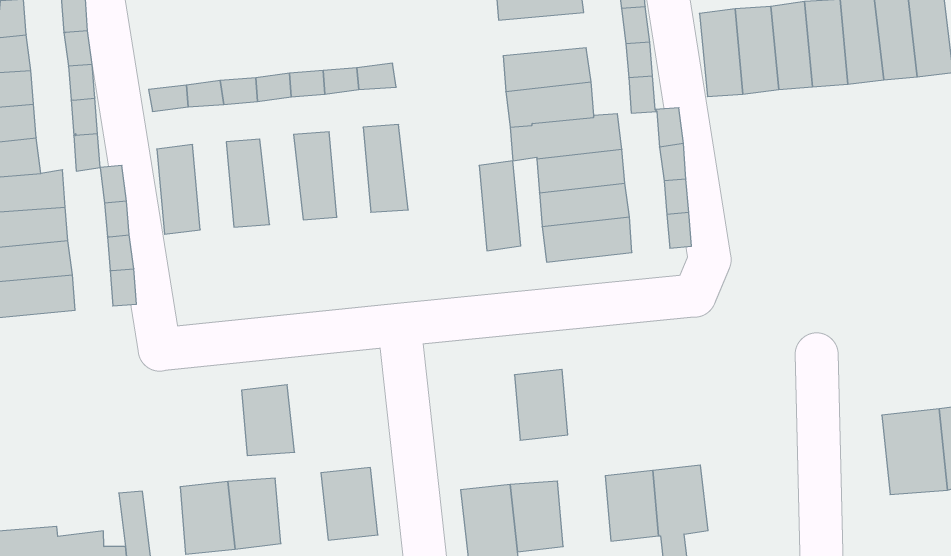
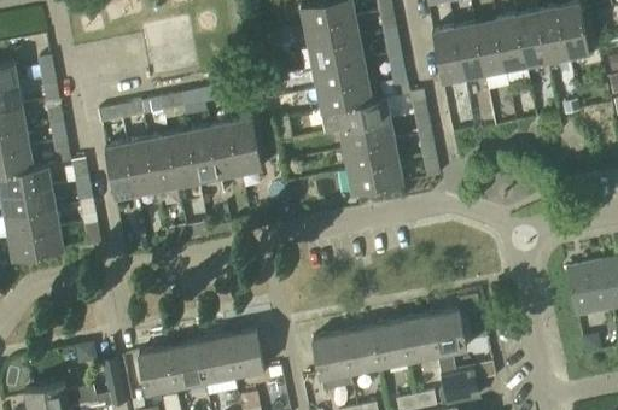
building: none -> [308,39,363,70]
building: none -> [168,130,199,187]
building: none -> [127,139,157,194]
building: [479,161,521,251] -> [210,122,240,178]
building: [514,369,568,440] -> [371,322,407,368]
building: [242,385,295,456] -> [197,336,233,382]

